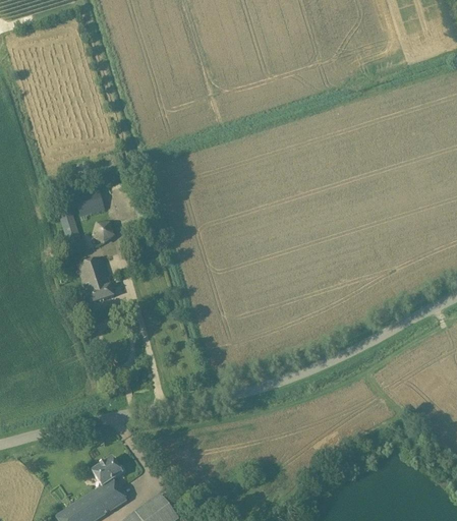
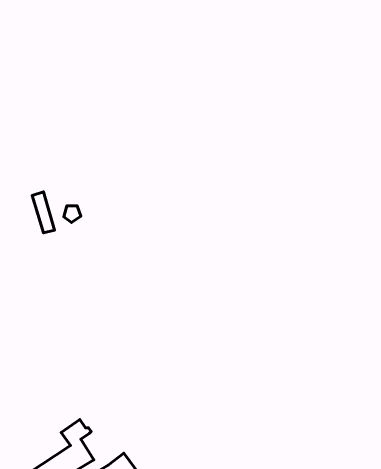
building: [74,189,105,217] -> none
building: [77,258,114,304] -> none

